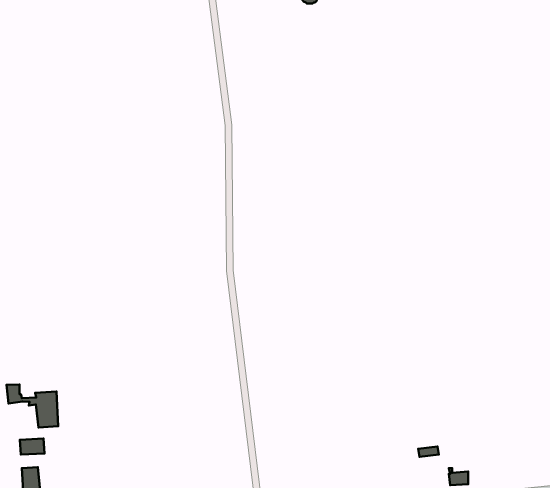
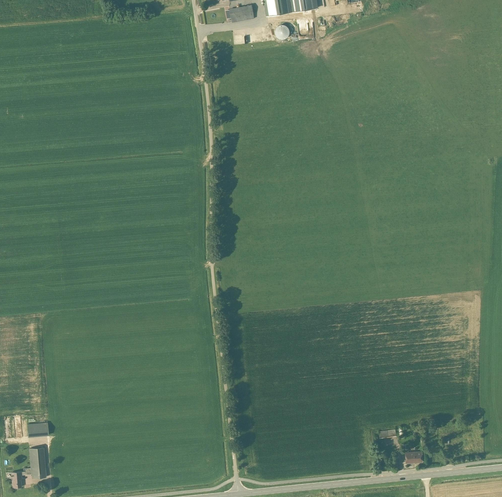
building: [7,385,58,428] -> none

